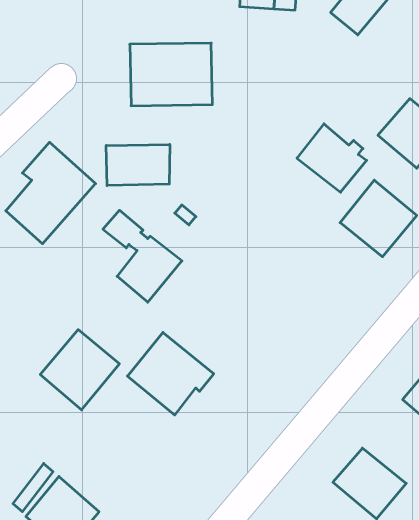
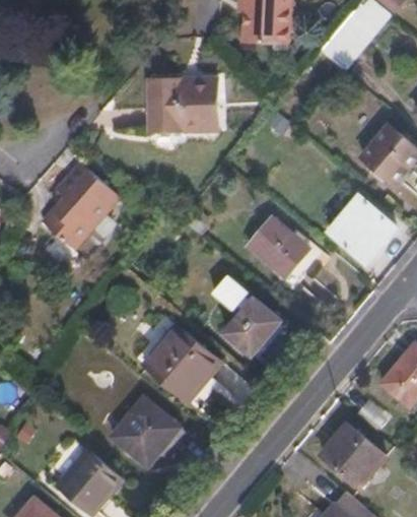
building: [297,124,367,192] -> [248,217,307,276]
building: [106,144,170,186] -> none
building: [103,210,182,302] -> [213,276,281,356]
building: [40,330,119,410] -> [111,397,179,466]

